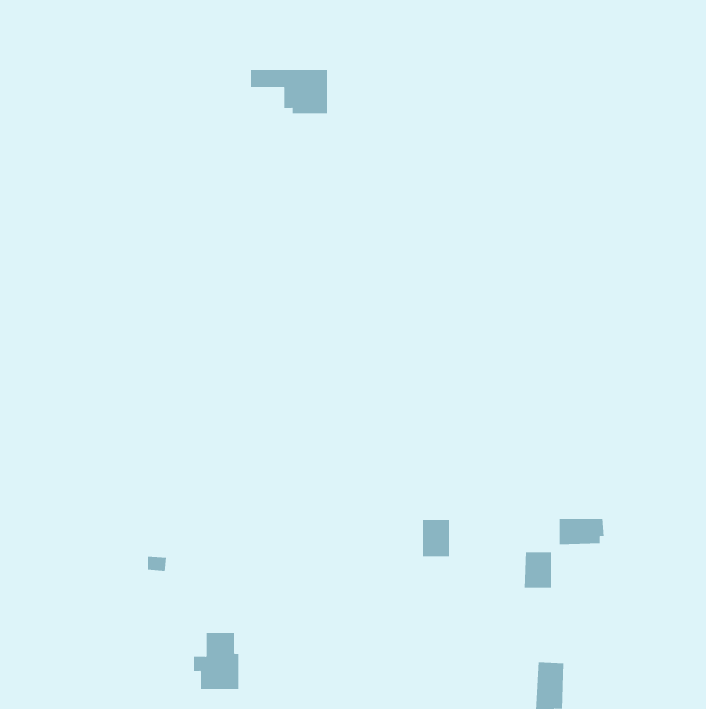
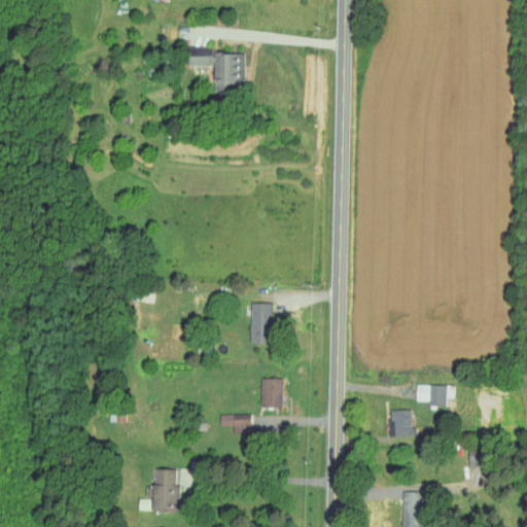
building: none -> [251,303,273,344]
building: [422,519,450,557] -> [262,379,283,407]
building: none -> [221,415,252,432]

